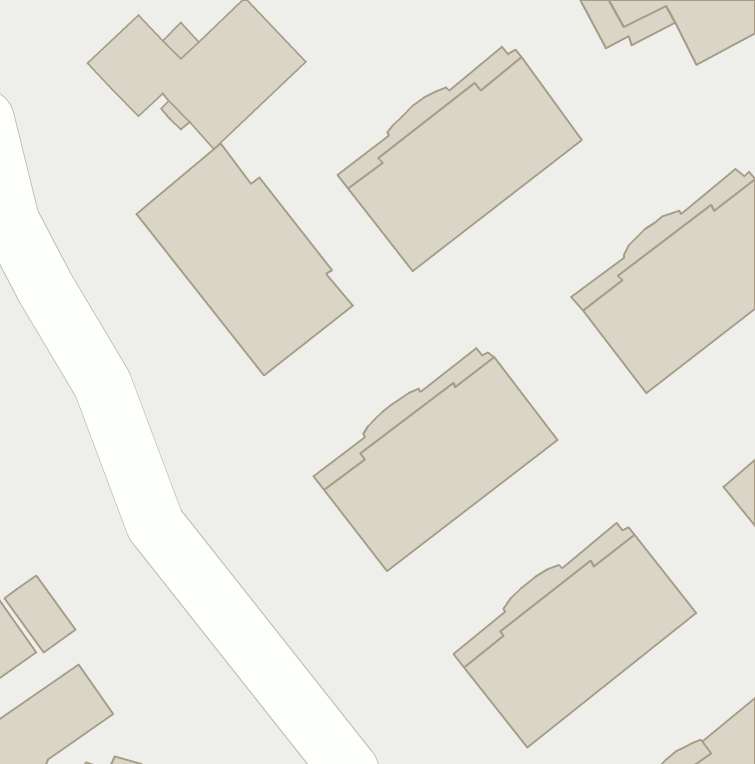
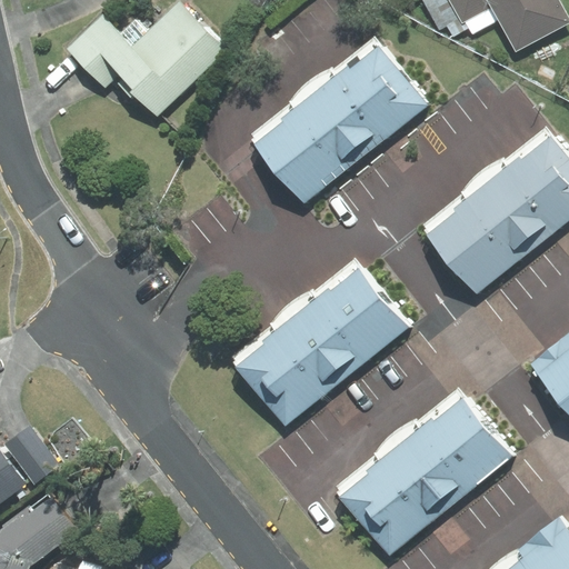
building: [136,143,353,375] -> none

